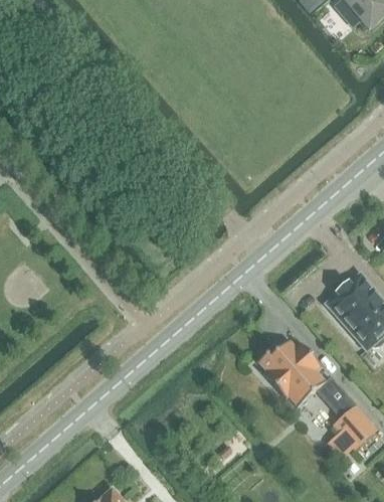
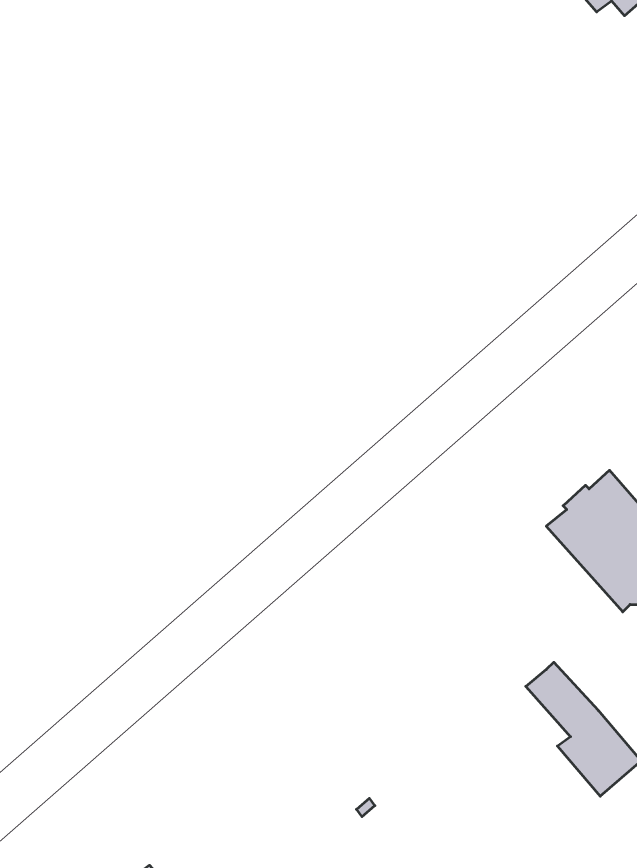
building: [255,338,325,405] -> none

